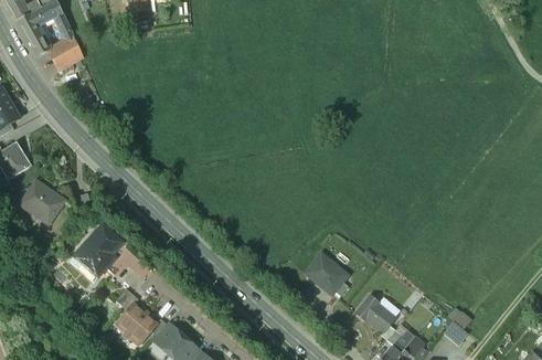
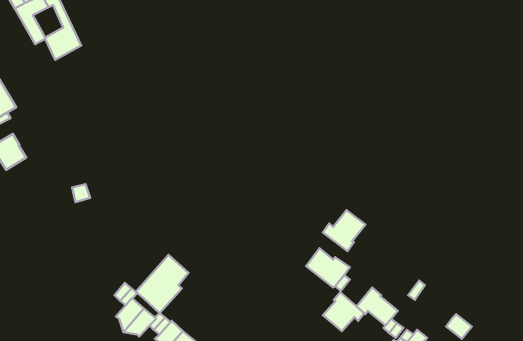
building: [20,180,64,222] -> none
building: none -> [323,210,366,251]
building: [70,225,121,283] -> [136,255,189,313]
building: none -> [323,292,364,331]

